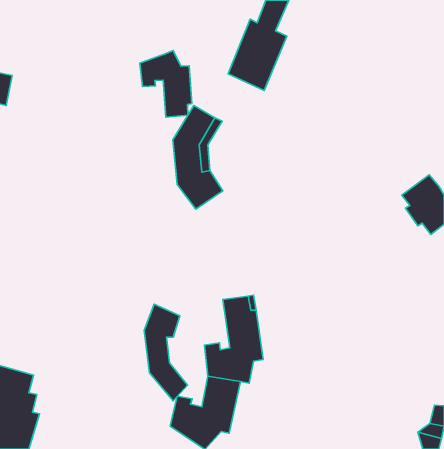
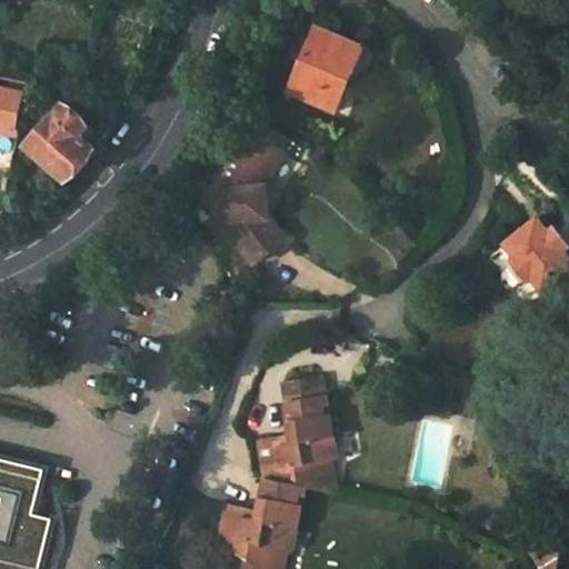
building: [140,51,192,117] -> none
building: none -> [24,107,93,184]
building: [144,304,188,401] -> none

